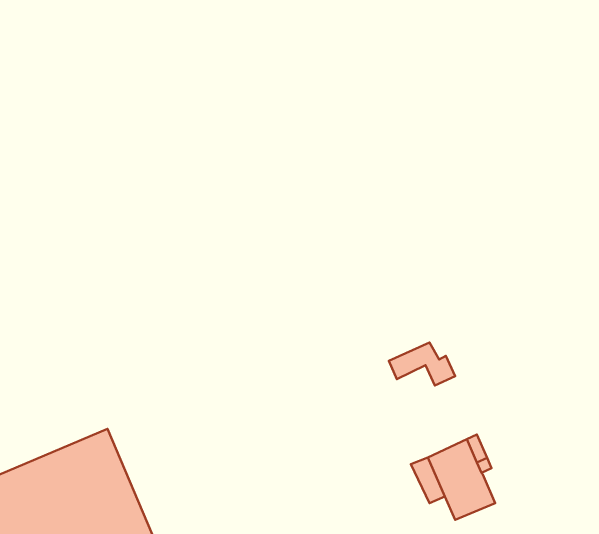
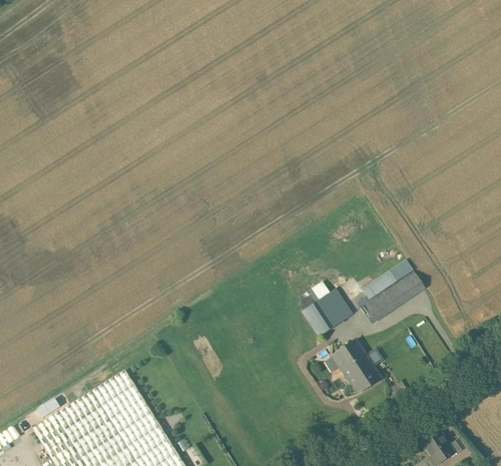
building: none -> [358,261,425,324]
building: none -> [303,298,353,337]

